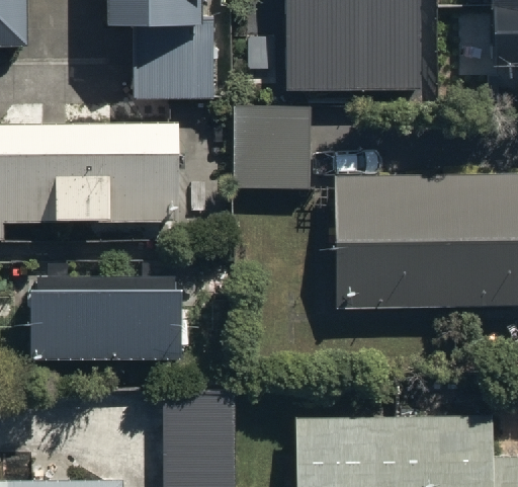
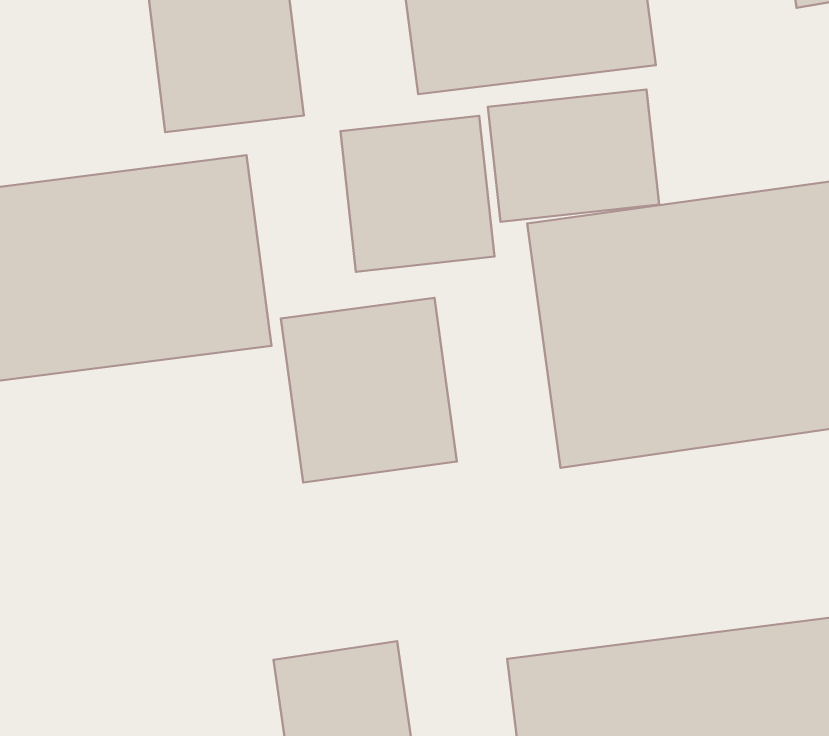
building: none -> [488,90,659,222]
building: none -> [281,298,457,482]
building: [31,276,181,357] -> none

